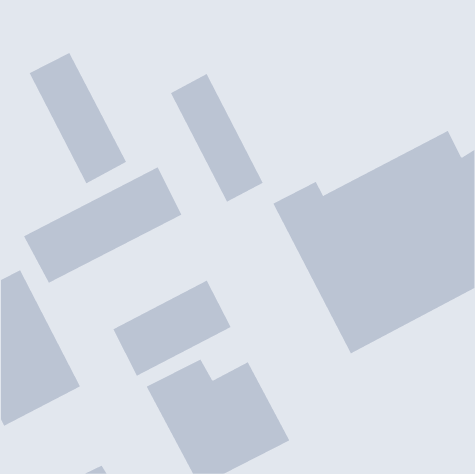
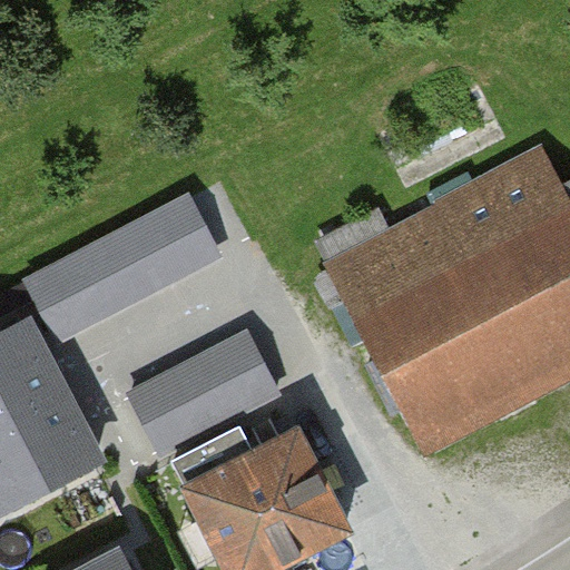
building: [29,52,127,184] -> none
building: [170,73,264,203] -> none

